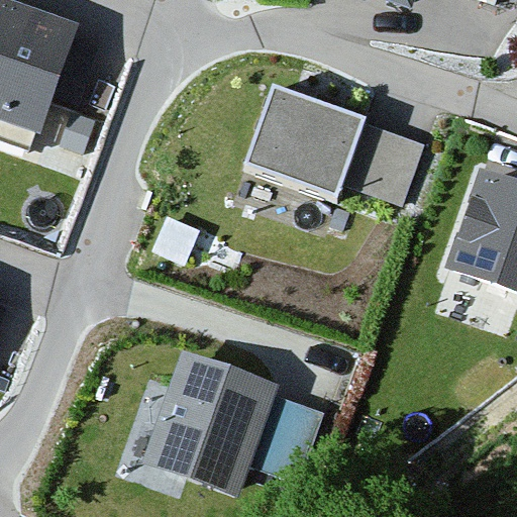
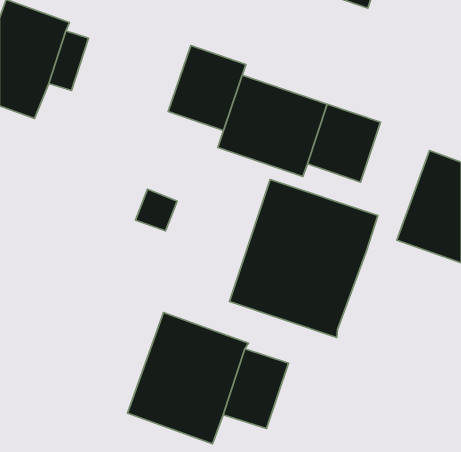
building: none -> [168,45,246,130]
building: none -> [230,180,378,337]

